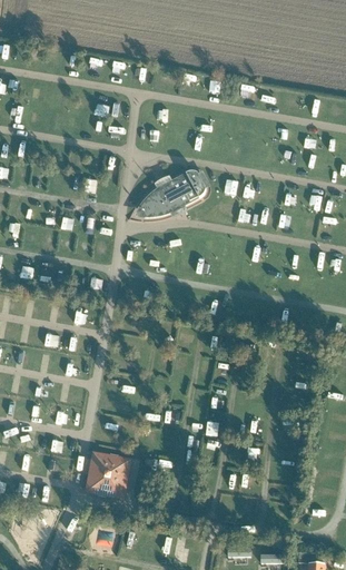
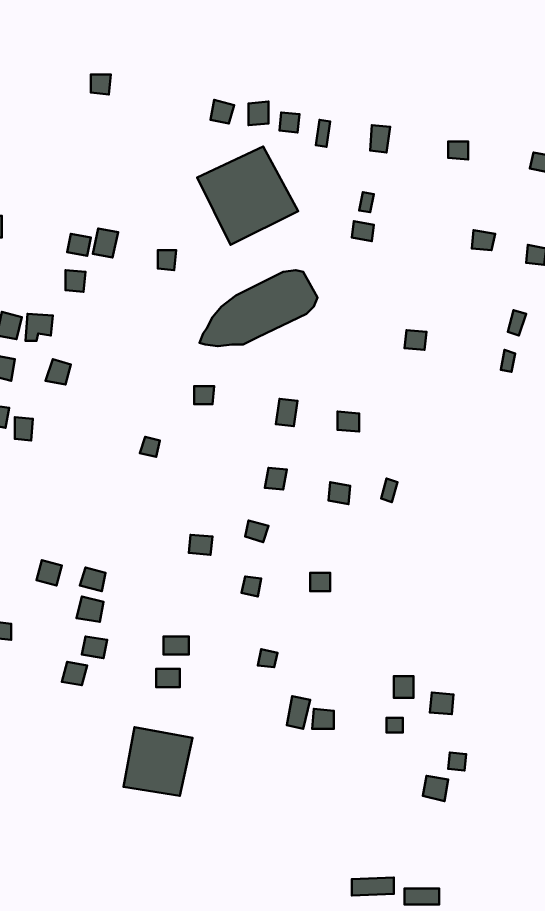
building: none -> [197,146,298,245]

